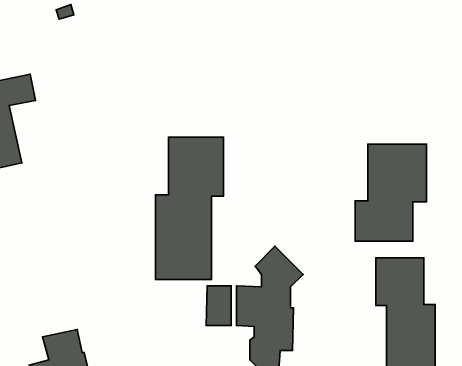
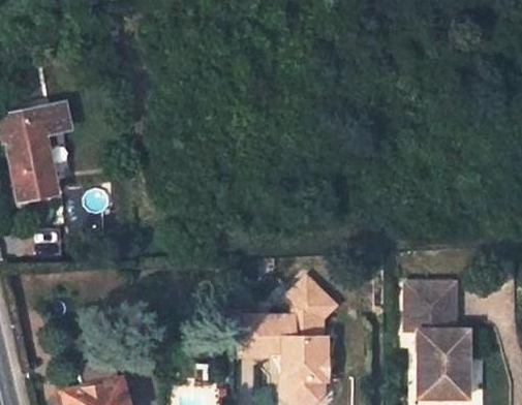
building: [155,137,223,280] -> none
building: [355,144,426,241] -> none

